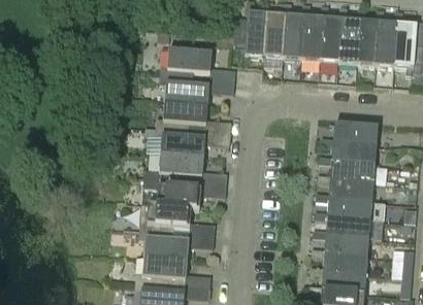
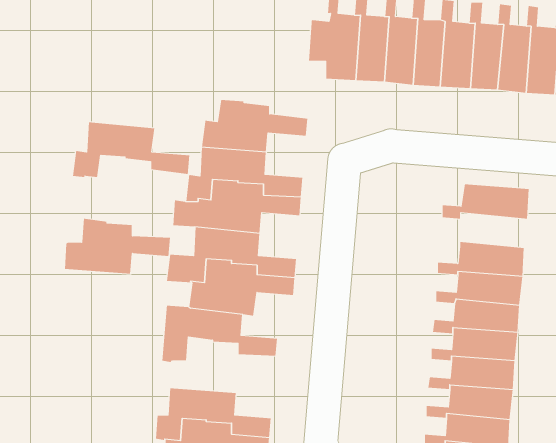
building: [159,47,235,83] -> [72,122,190,178]
building: [319,142,377,165] -> none
building: [144,223,214,259] -> [64,218,171,274]

